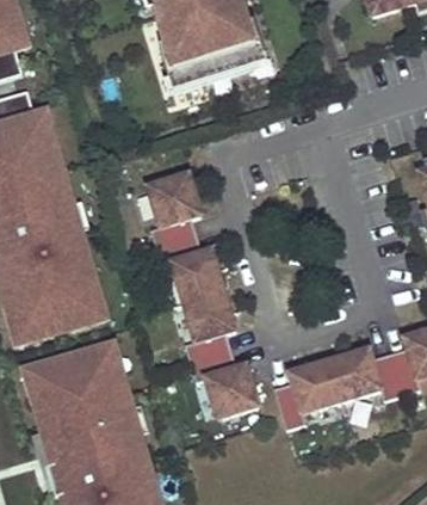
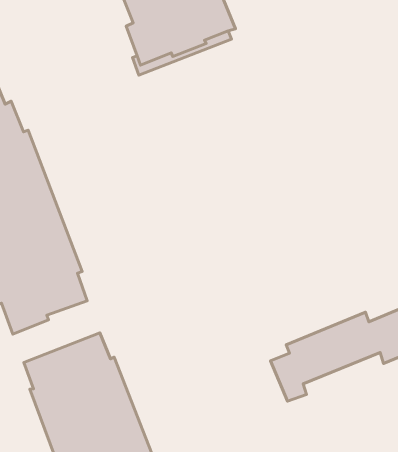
building: [147,172,258,417] -> none

